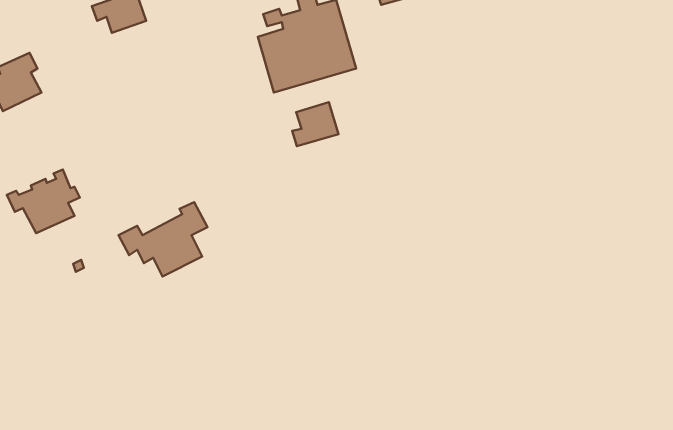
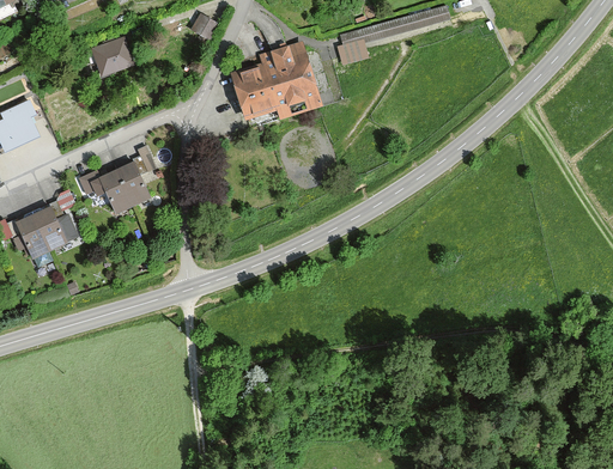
building: [292,102,338,146] -> none
building: [119,202,208,276] -> [78,147,158,214]

